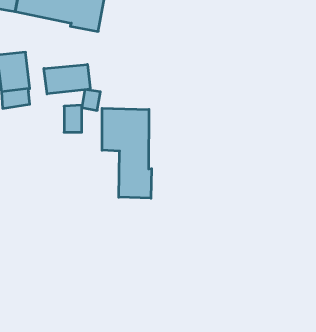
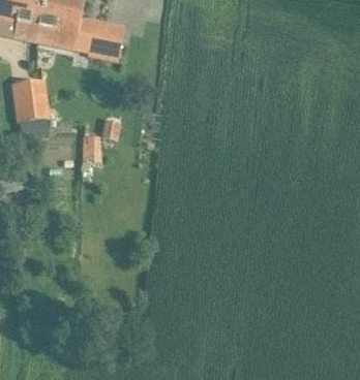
building: [44,64,90,94] -> none
building: [102,108,152,198] -> none

